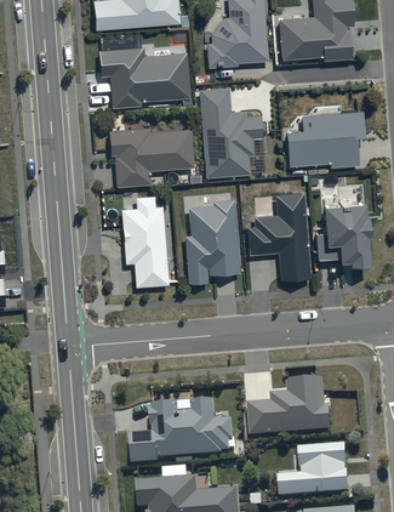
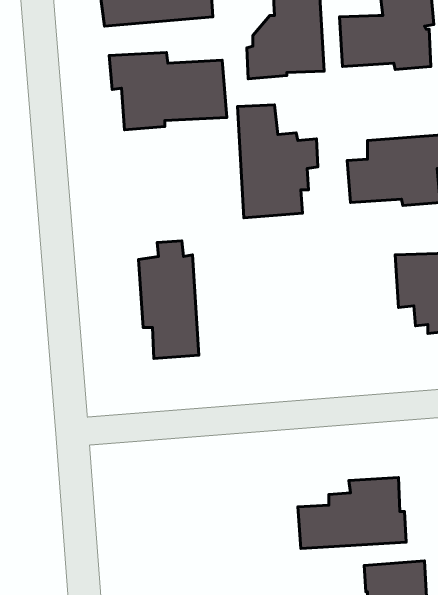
building: [108,126,194,184] -> none
building: [247,193,310,278] -> none
building: [183,200,238,281] -> none
building: [129,402,232,465] -> none

